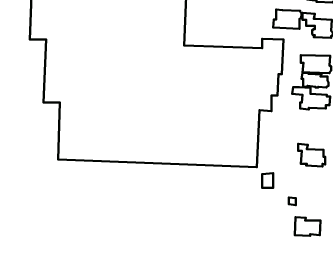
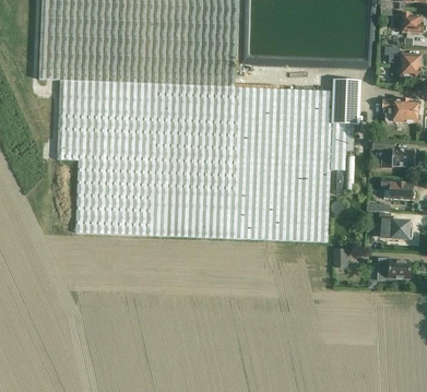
building: [273,10,302,29] -> none
building: [302,73,328,88] -> [380,180,414,199]
building: [295,217,321,236] -> [377,258,410,282]

